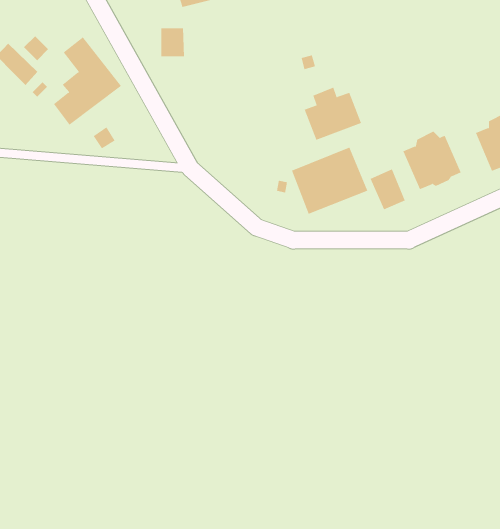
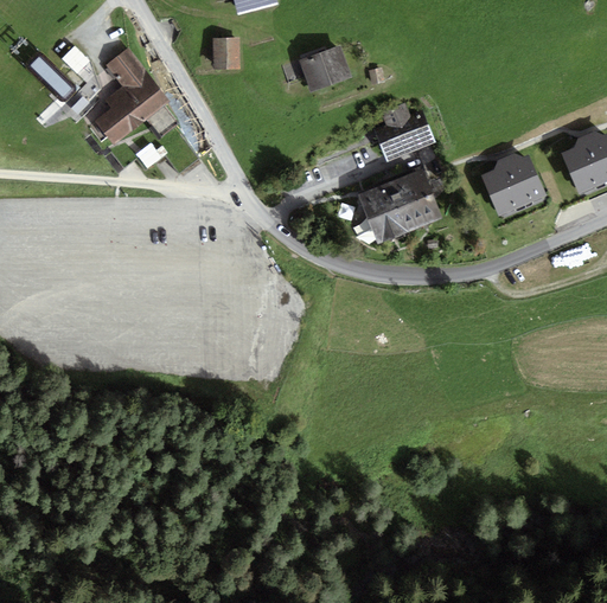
building: none -> [298,45,351,91]
building: [370,168,405,210] -> none

